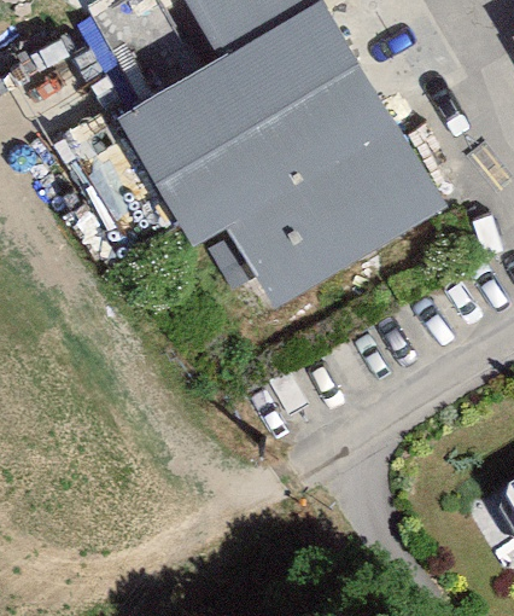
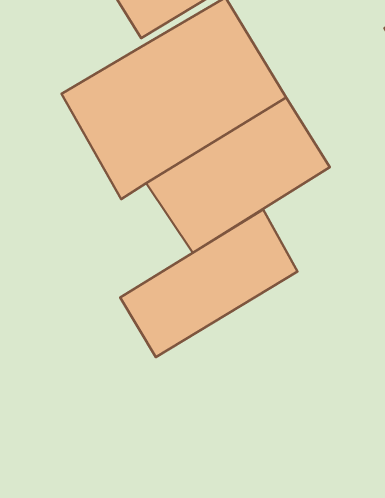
building: none -> [120,209,297,357]

